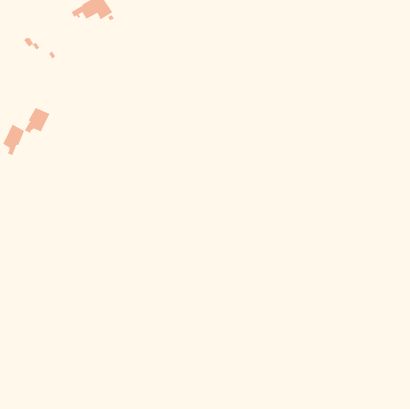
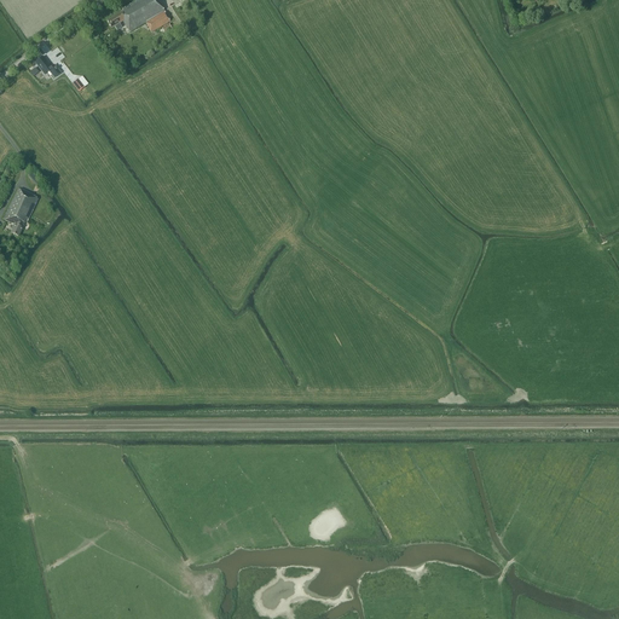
building: [24,107,50,134] -> none

